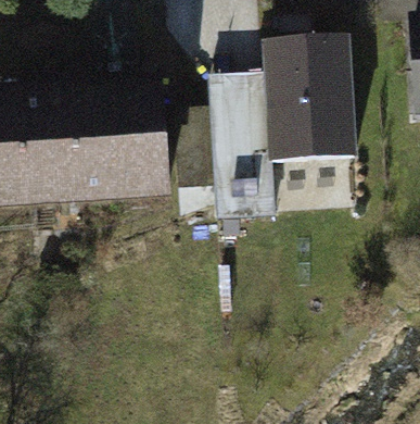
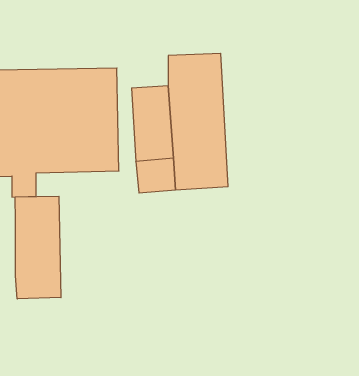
building: [270,37,357,162] -> none
building: none -> [15,196,61,299]

